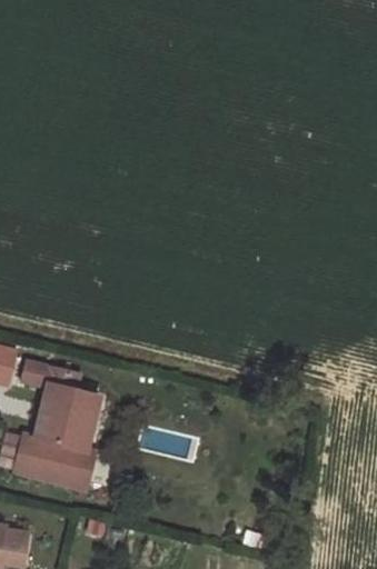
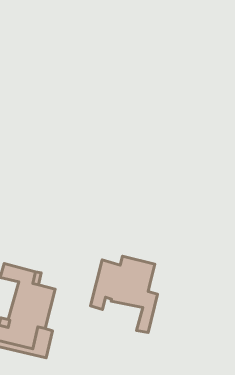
building: none -> [90,256,158,333]

